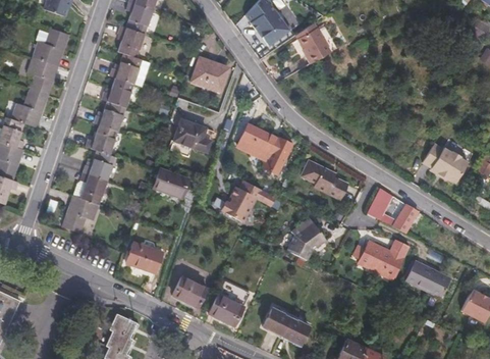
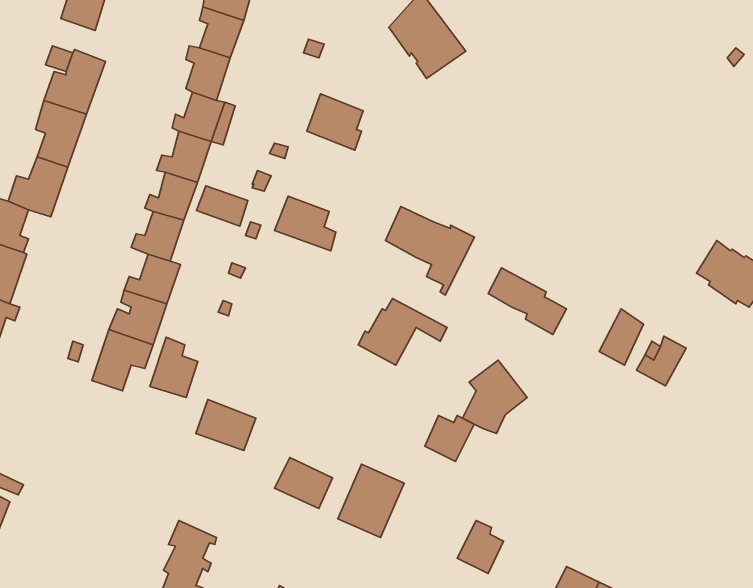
building: [293,21,329,63] -> none
building: none -> [197,186,248,226]
building: [152,171,187,201] -> none
building: none -> [150,337,198,398]
building: [357,240,407,280] -> none
building: [404,262,447,299] -> none
building: [263,307,292,335] -> [425,416,474,462]

